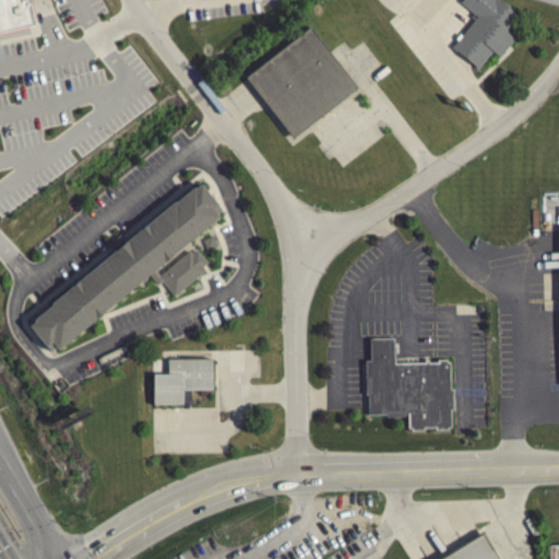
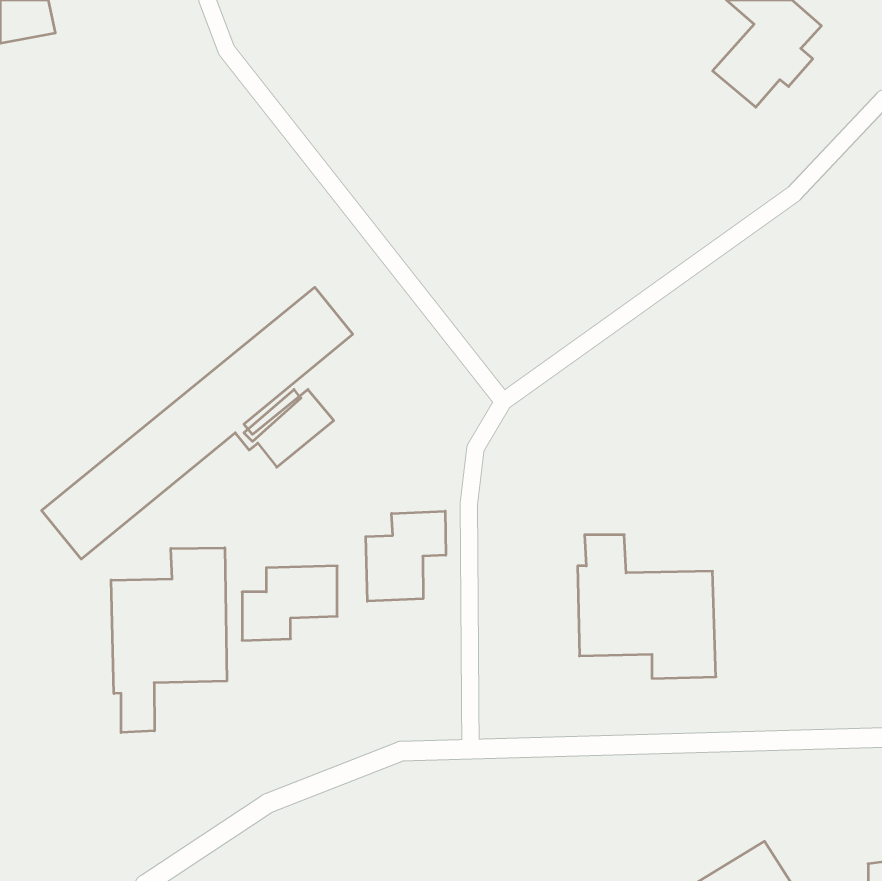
building: [246,27,358,139] -> none
building: none -> [366,511,446,601]
building: none -> [111,548,227,733]

